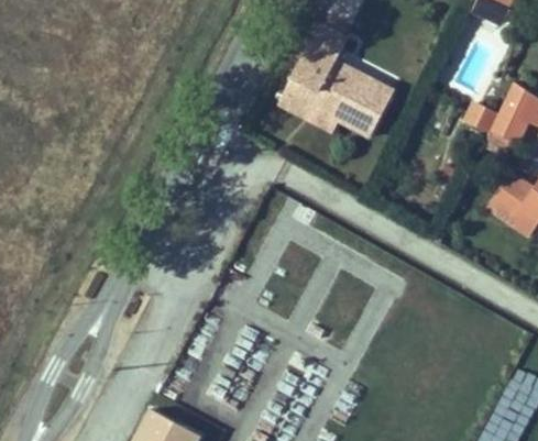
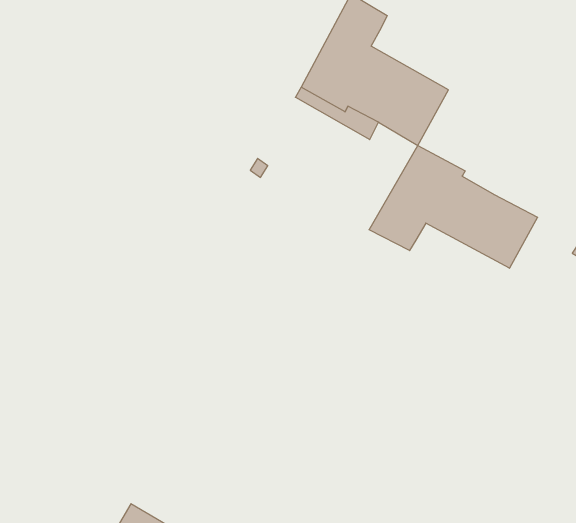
building: none -> [369,145,538,268]

